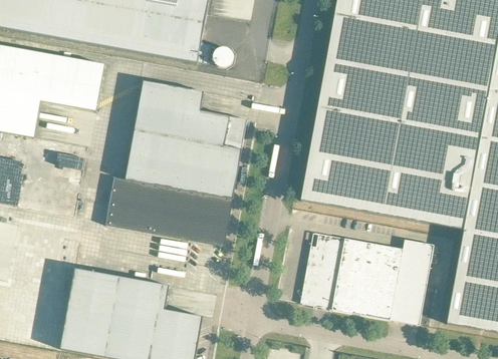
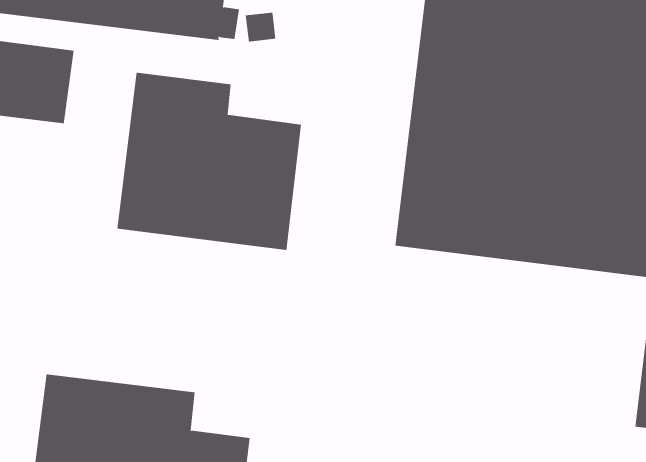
building: [105,176,233,246] -> none
building: [302,232,436,323] -> none

